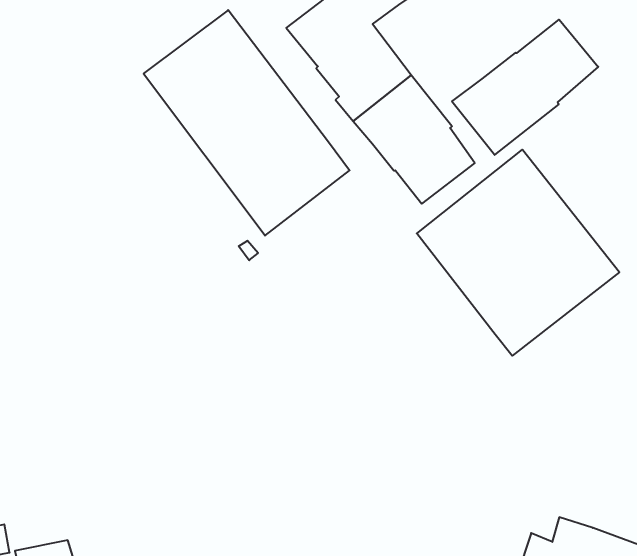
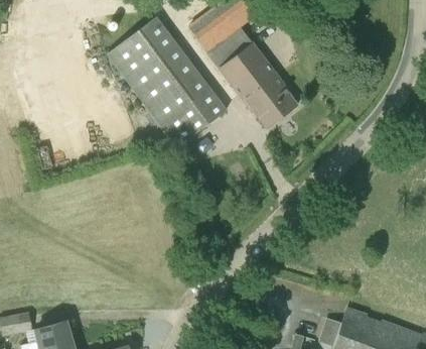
building: [452,20,598,155] -> none
building: [417,150,619,356] -> none

